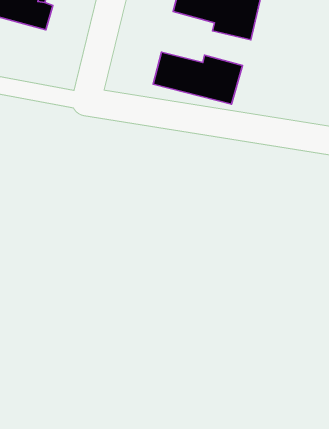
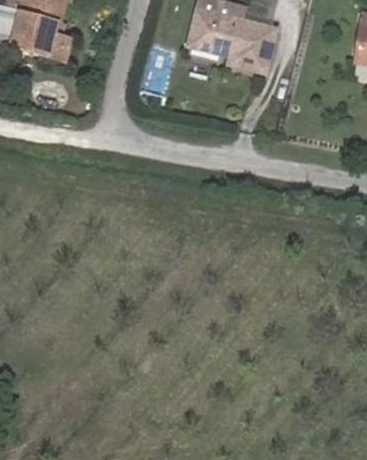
building: [153,52,242,104] -> none

